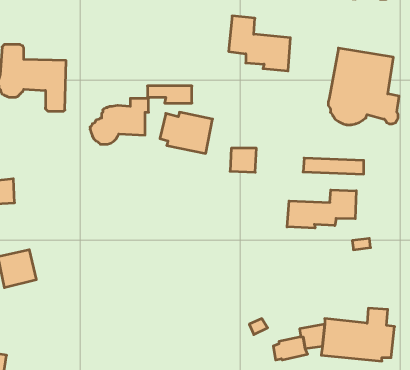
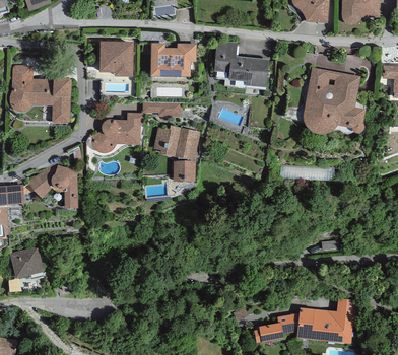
building: none -> [100,42,133,76]
building: none -> [150,43,196,77]
building: [230,148,256,172] -> [173,160,196,182]
building: none -> [27,164,77,209]
building: [287,190,356,228] -> none

